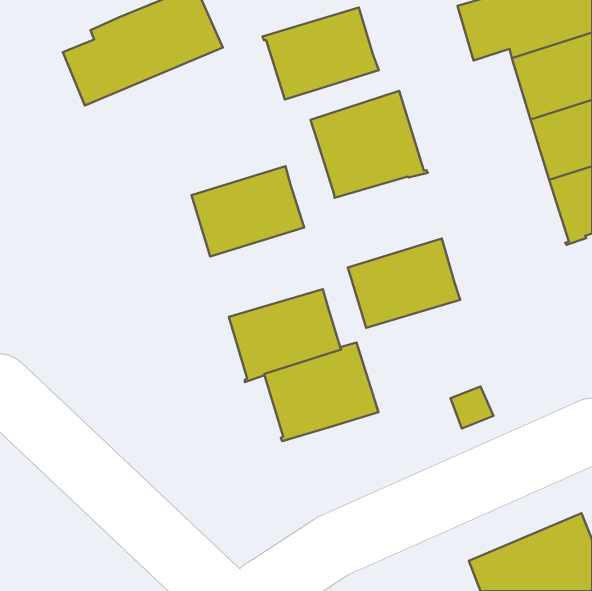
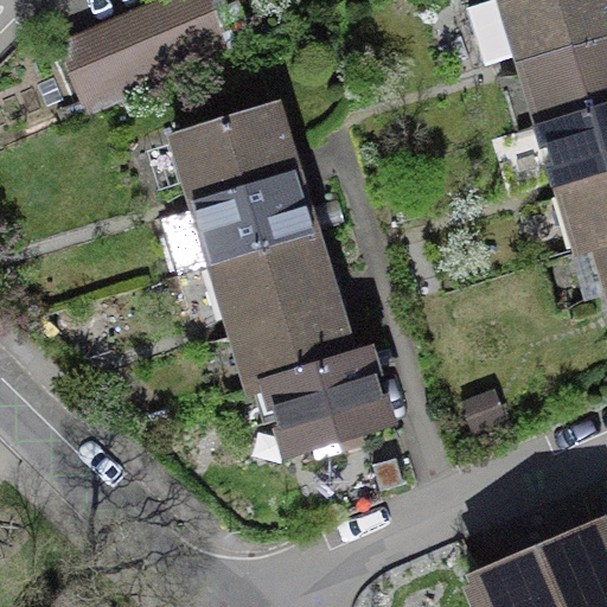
building: [263,8,379,99] -> [173,106,292,199]
building: [311,91,428,198] -> none
building: [348,238,460,328] -> [215,232,330,324]

